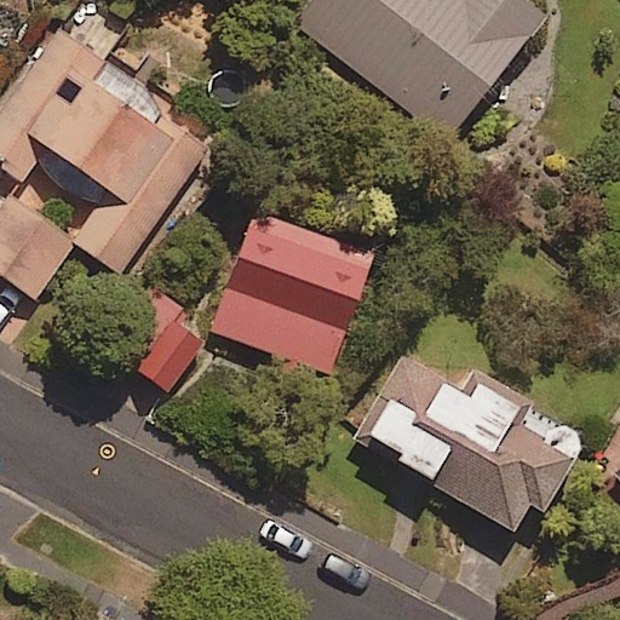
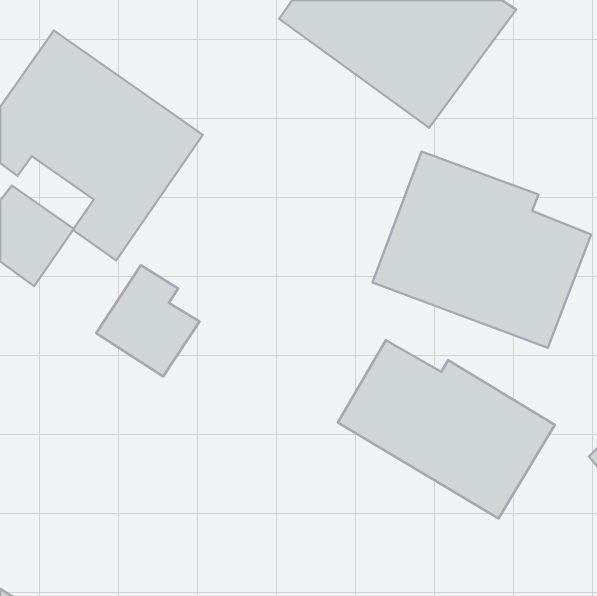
building: none -> [373,151,591,348]
building: [211,209,374,373] -> none

